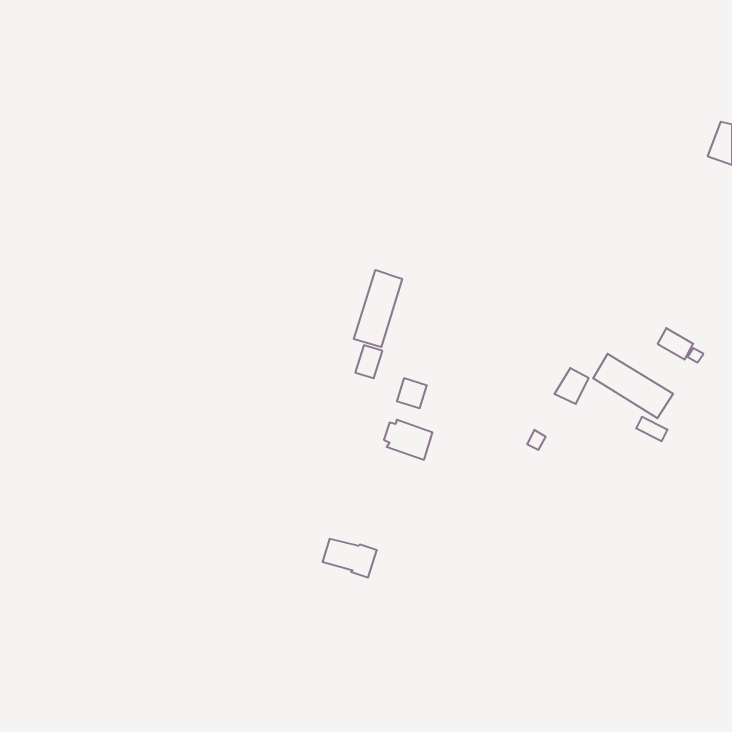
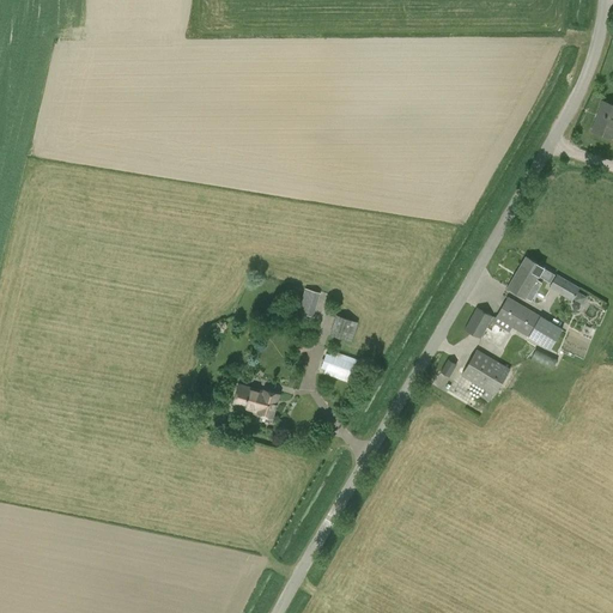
building: [354,270,402,347] -> none
building: none -> [508,257,542,297]
building: none -> [461,348,510,401]
building: [322,539,377,577] -> [233,386,279,418]

